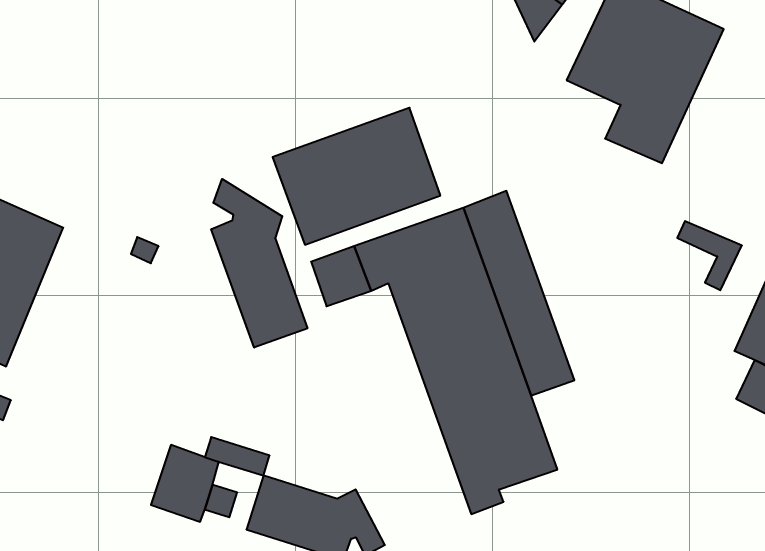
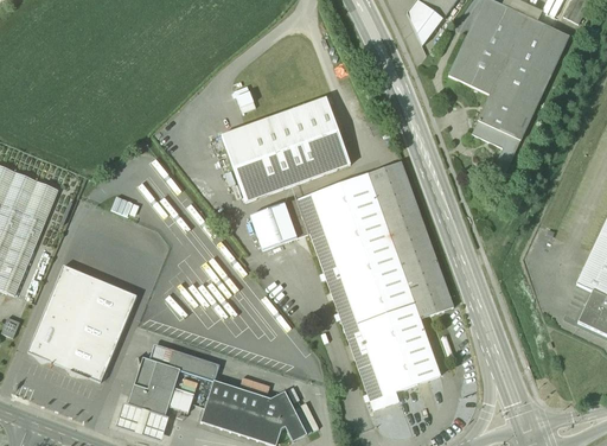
building: [211,179,307,348] -> none
building: [677,221,742,290] -> [471,120,520,173]
building: none -> [27,265,136,382]

